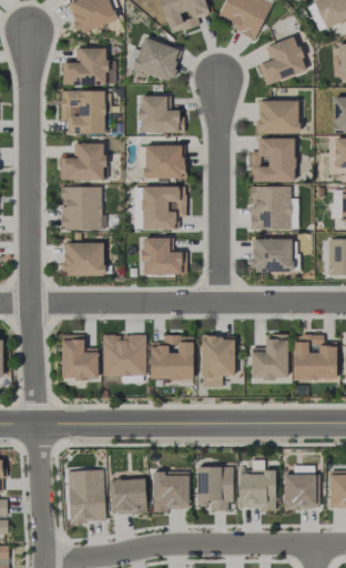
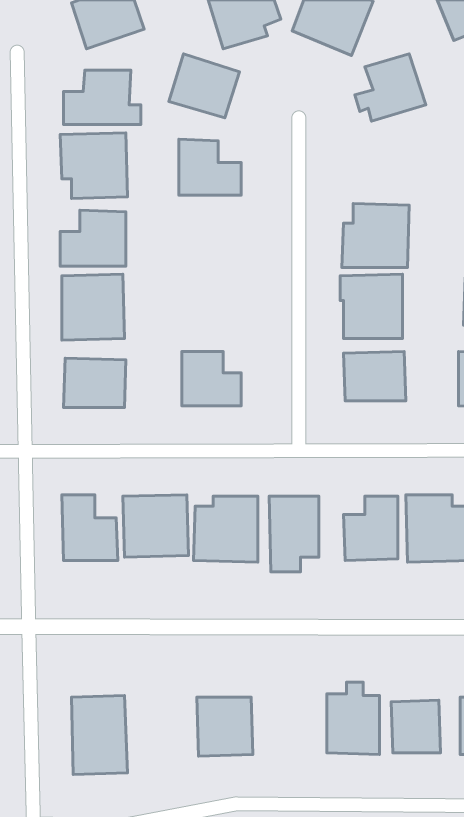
building: [257,100,298,133] -> none
building: [144,144,184,179] -> none
building: [142,185,185,230] -> none
building: [196,466,232,511] -> none
building: [110,478,146,514] -> none

